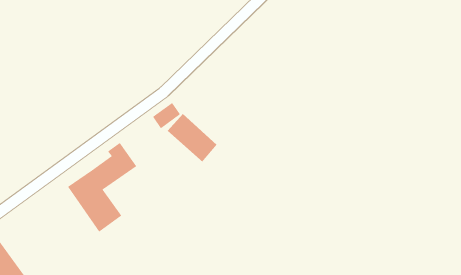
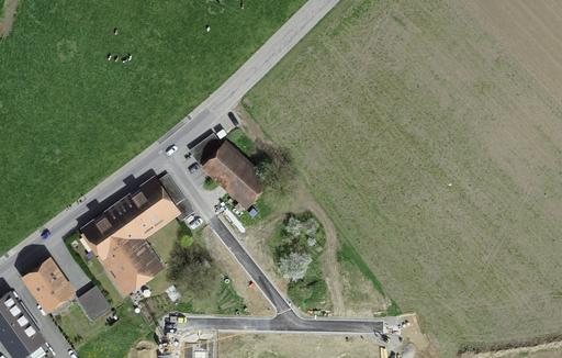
building: none -> [24,259,69,310]
building: none -> [79,287,110,318]

